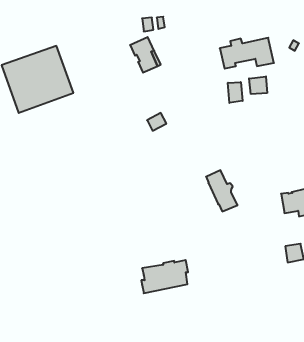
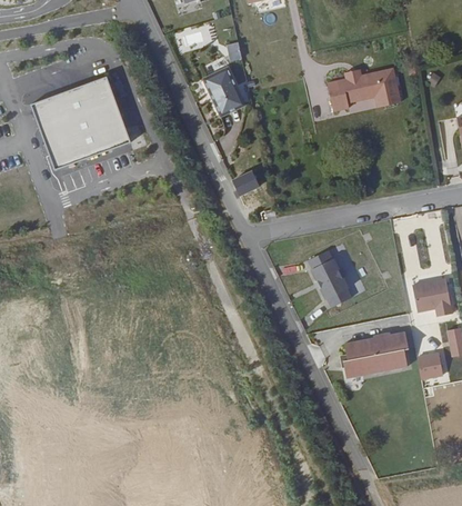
building: [249,76,267,94] -> none
building: [228,82,243,103] -> none
building: [141,260,188,293] -> [343,331,408,377]

